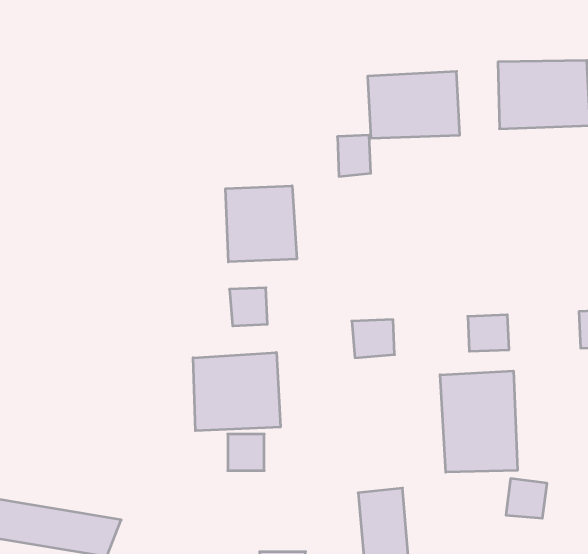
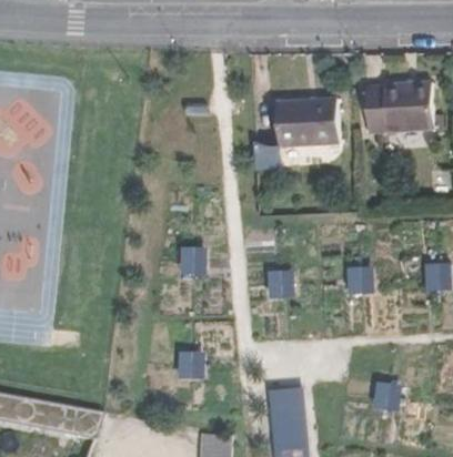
building: [226,186,297,262] -> none
building: [193,352,280,431] -> none
building: [440,371,517,472] -> none

